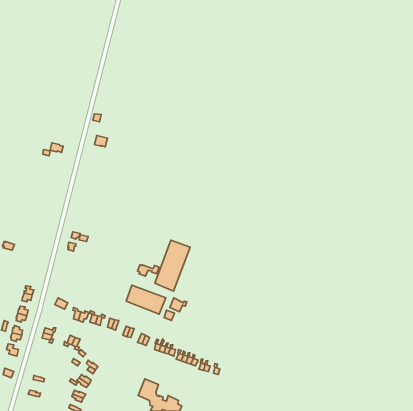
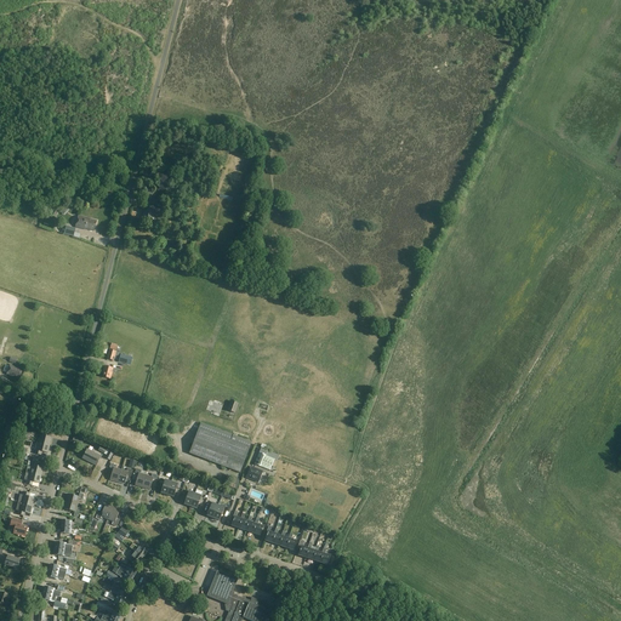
building: [155,240,190,291] -> none

